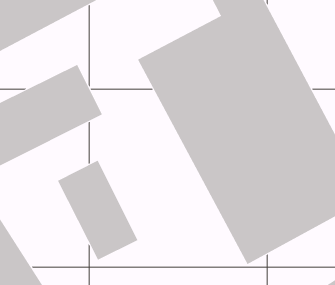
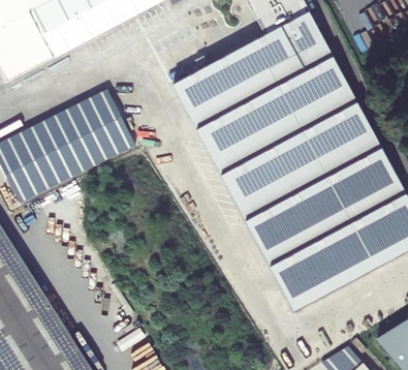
building: [57,160,138,261] -> none

